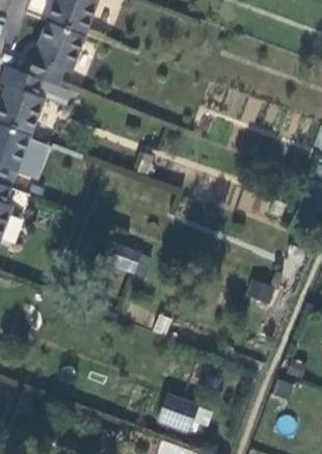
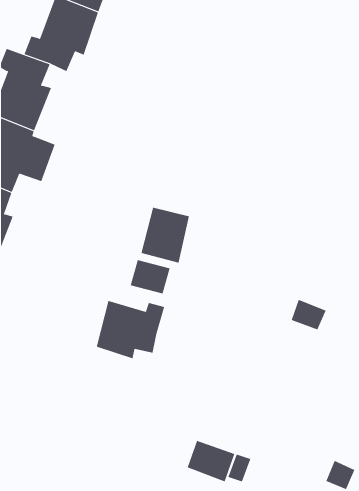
building: none -> [141,207,189,263]
building: none -> [96,300,165,359]

